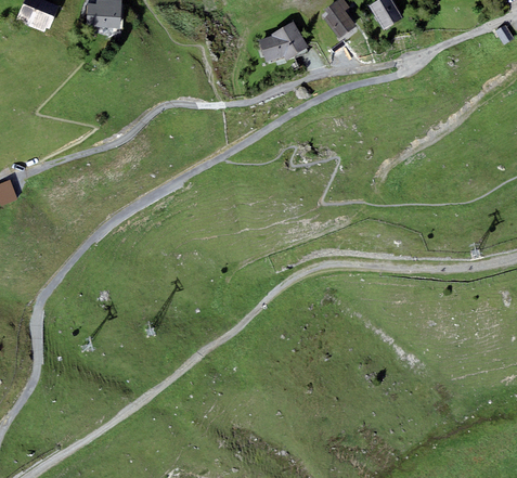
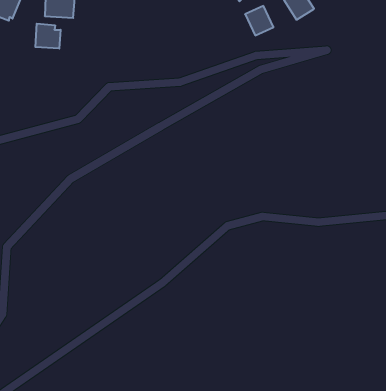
building: [259,22,309,62] -> none
building: none -> [35,24,61,49]

